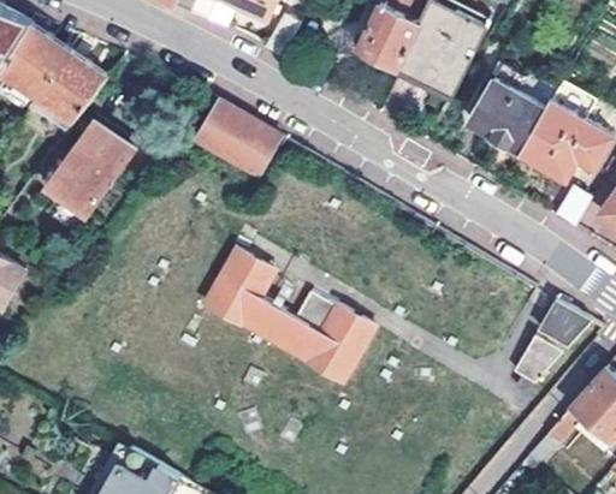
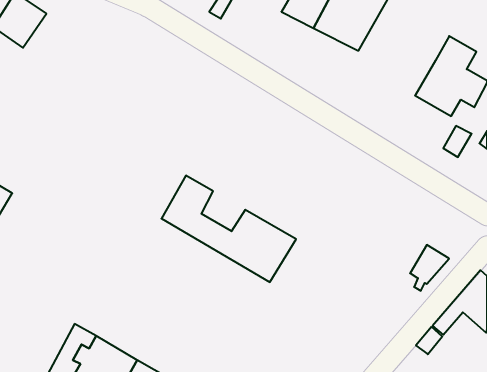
building: [37,52,106,120] -> none
building: [469,79,546,159] -> none
building: [194,105,279,179] -> none
building: [46,121,134,215] -> none
building: [538,302,590,347] -> none

